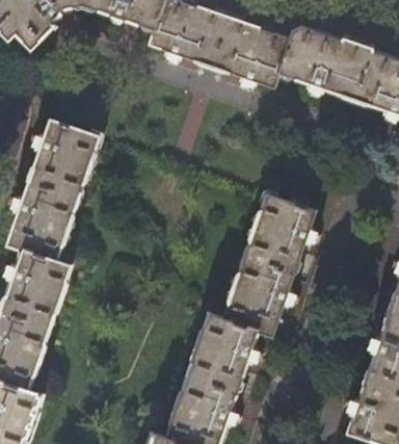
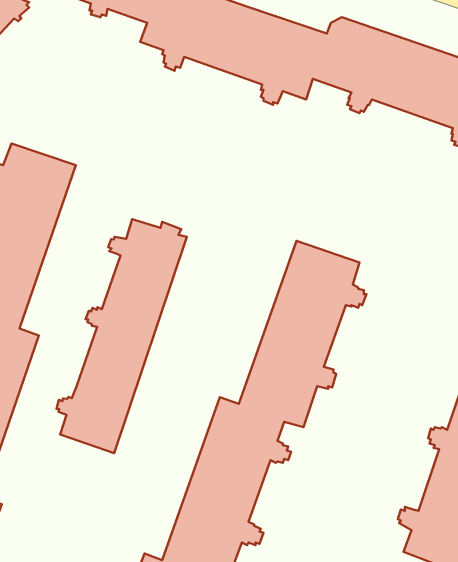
building: none -> [57,219,187,453]

